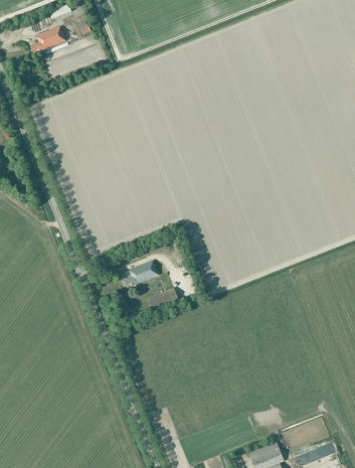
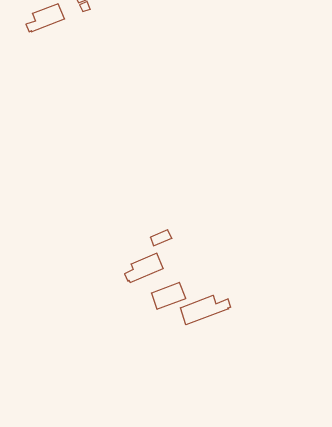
building: none -> [180,295,231,325]

